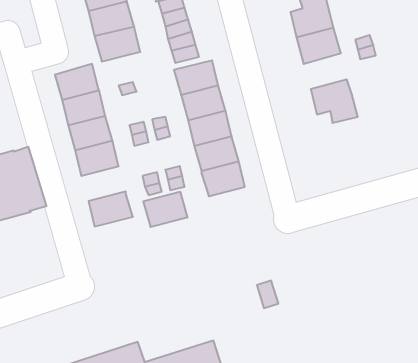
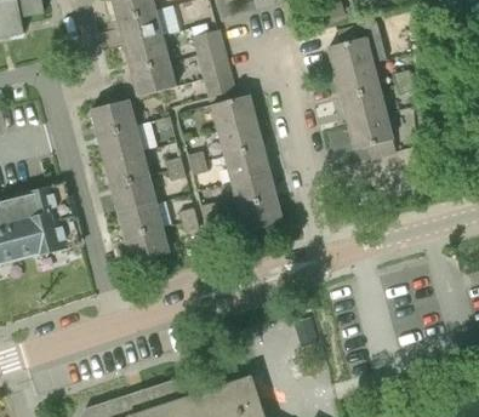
building: none -> [341,87,384,124]
building: [143,192,188,227] -> [116,201,161,236]

